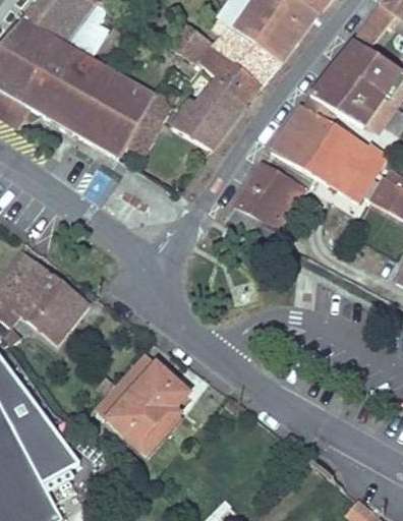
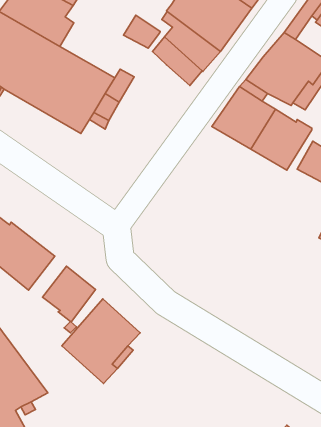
building: [173,78,245,150] -> none
building: [228,162,306,241] -> none
building: none -> [42,266,96,322]

